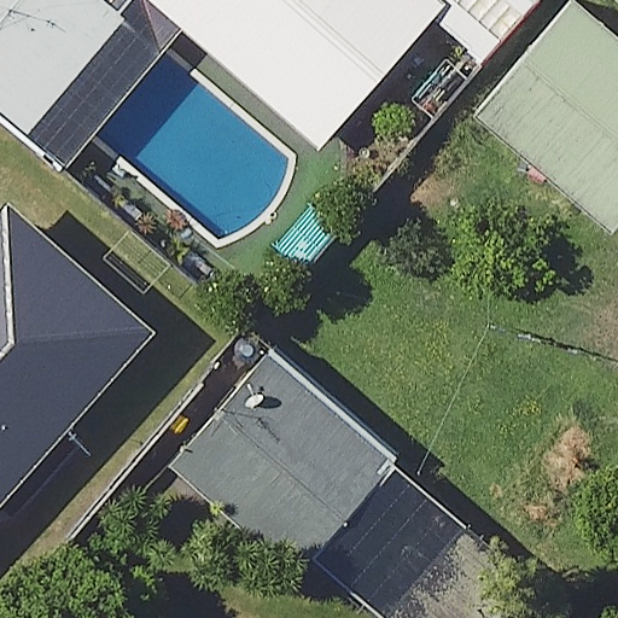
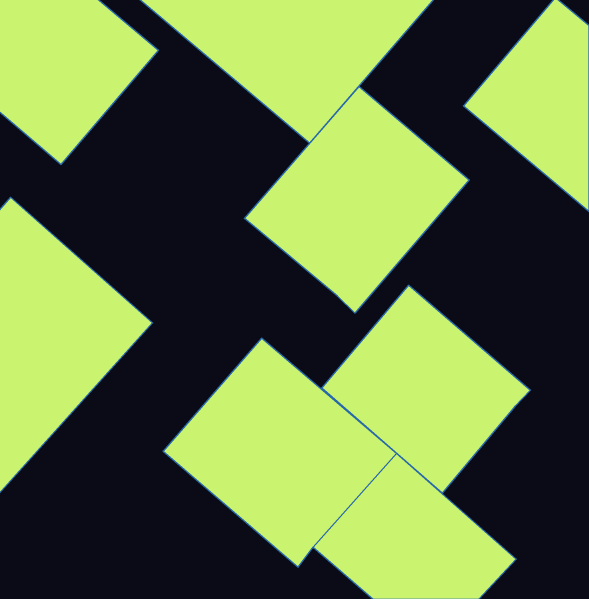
building: none -> [244,87,469,313]
building: none -> [322,285,530,493]

